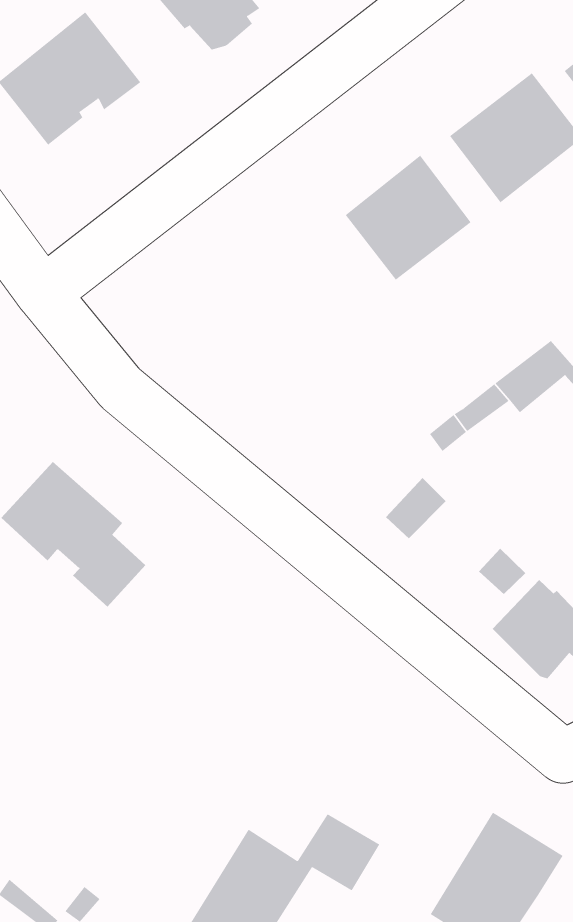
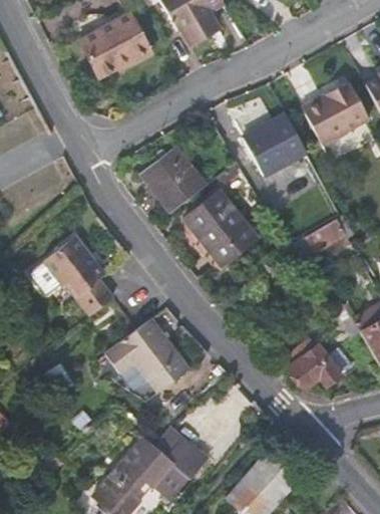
building: none -> [140,147,205,212]
building: none -> [184,191,256,265]
building: none -> [105,318,188,393]

